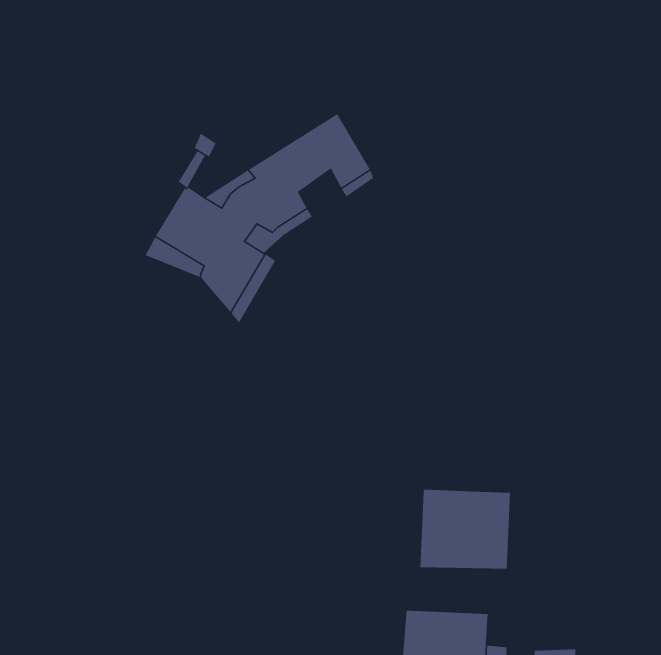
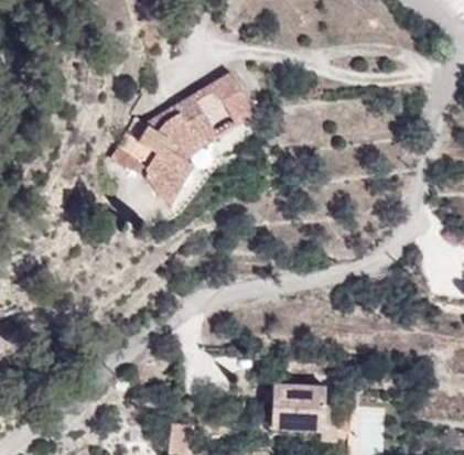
building: [420,489,511,570] -> none

